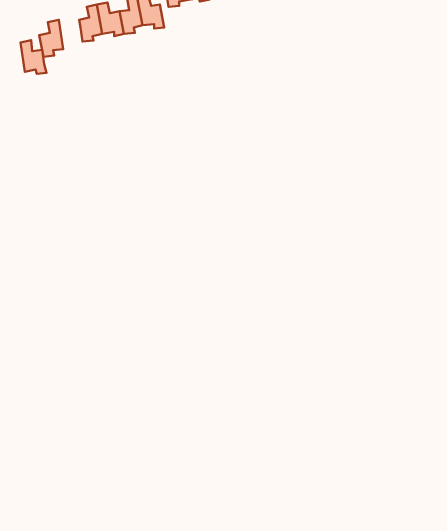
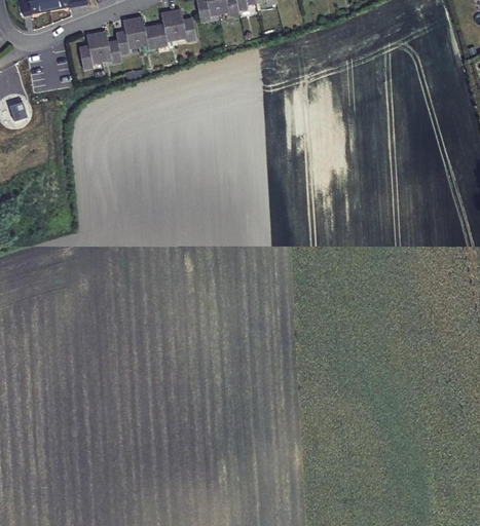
building: [20,40,46,74] -> [98,31,122,63]

